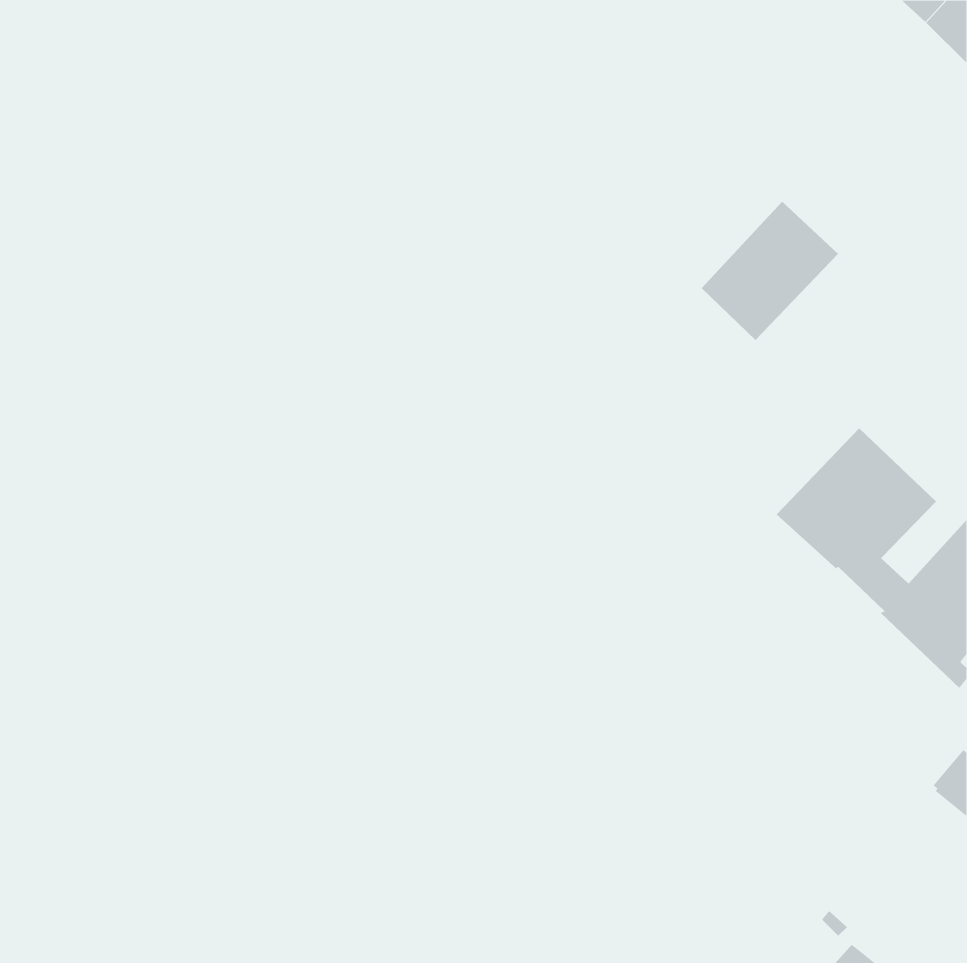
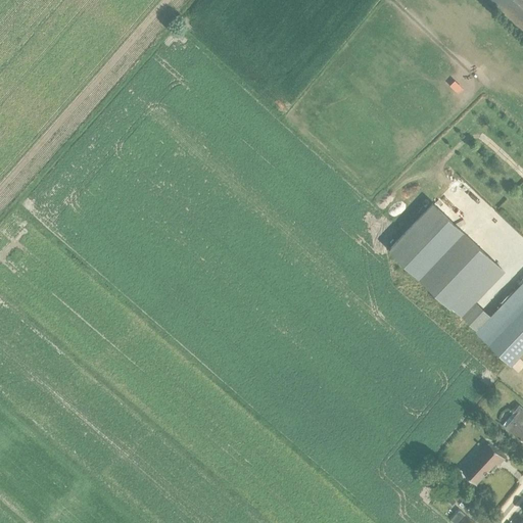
building: [701,201,839,341] -> [389,204,464,280]
building: none -> [462,444,506,486]

